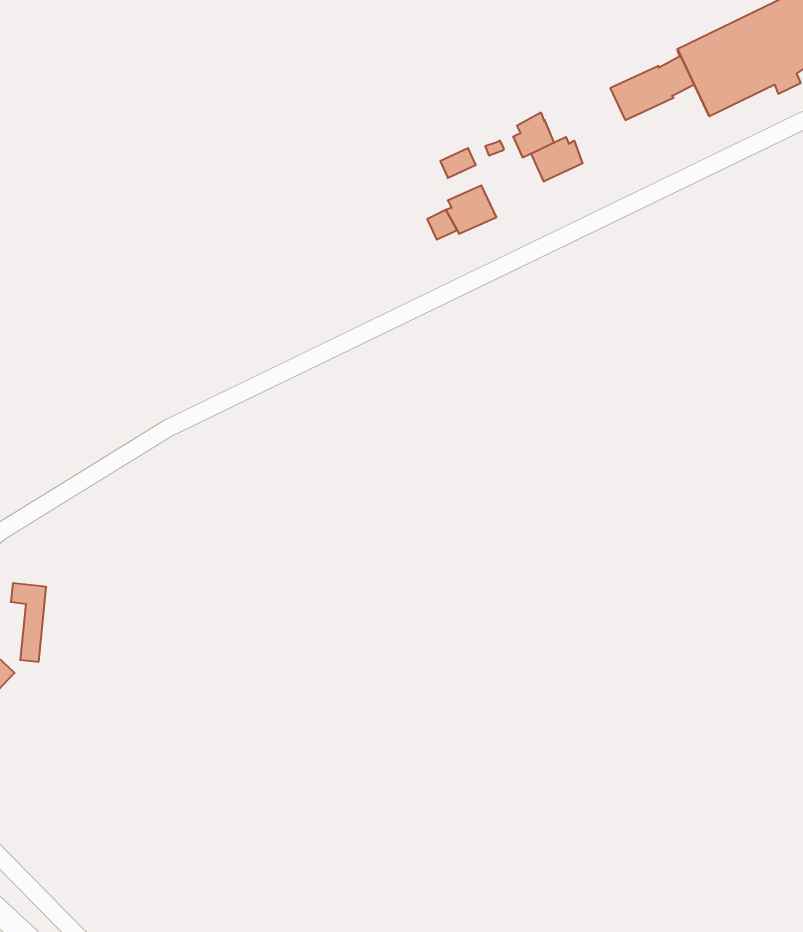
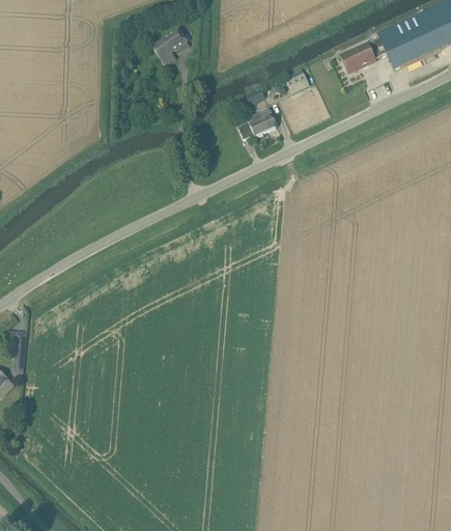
building: none -> [152,27,188,64]
building: [531,137,583,182] -> none

